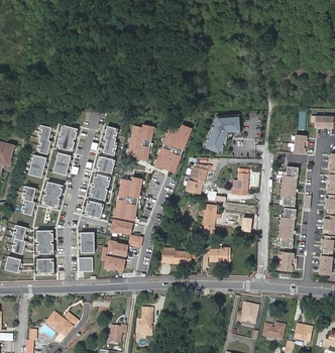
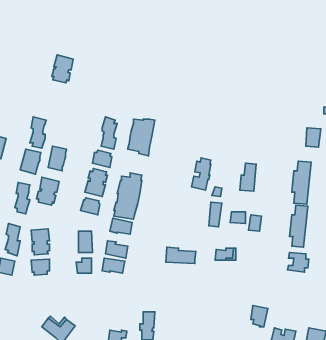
building: [203,113,240,152] -> none
building: [55,126,76,152] -> [52,55,73,83]
building: [154,126,190,172] -> none

